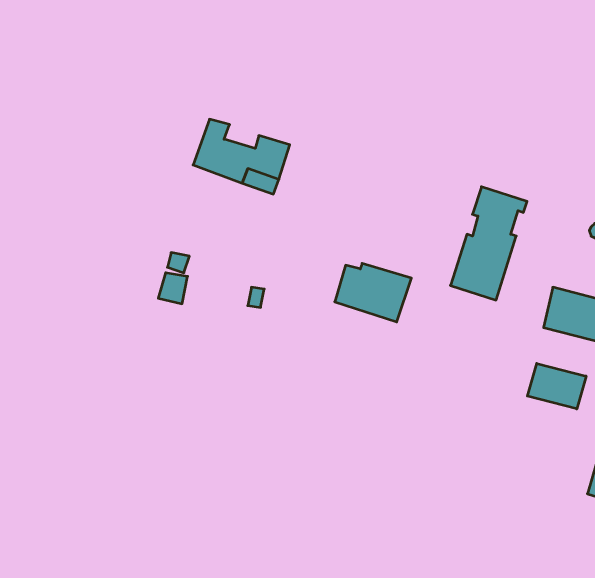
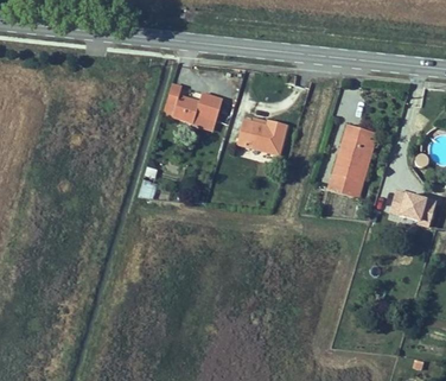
building: [335,263,411,322] -> [238,116,288,154]
building: [527,363,586,409] -> none

